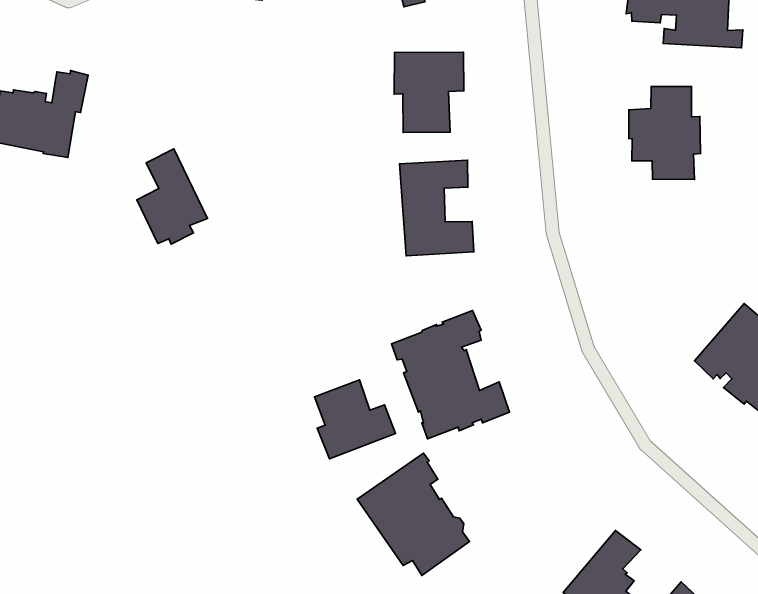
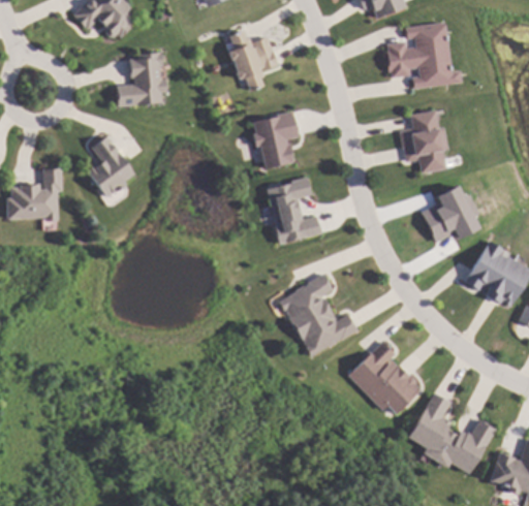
building: [137,149,208,244] -> [89,134,134,194]
building: none -> [418,187,477,243]
building: [314,380,395,459] -> none
building: [357,453,469,575] -> [347,339,421,414]

